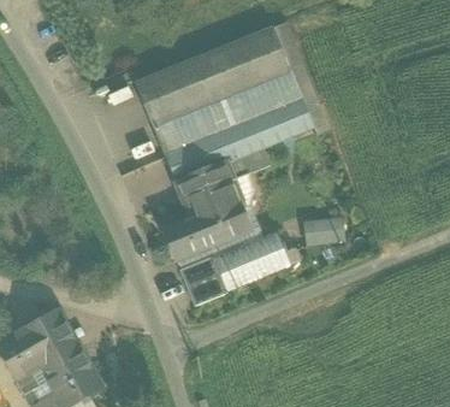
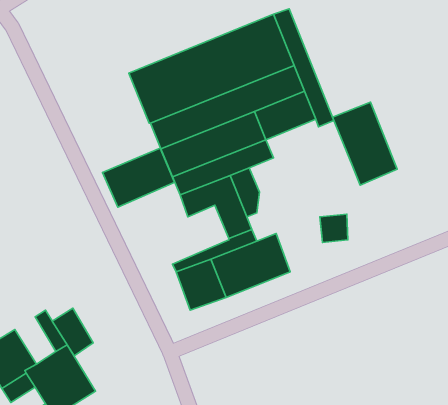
building: none -> [333,102,397,185]
building: [160,206,227,261] -> [102,148,174,207]
building: [26,311,65,355] -> [52,308,93,356]

